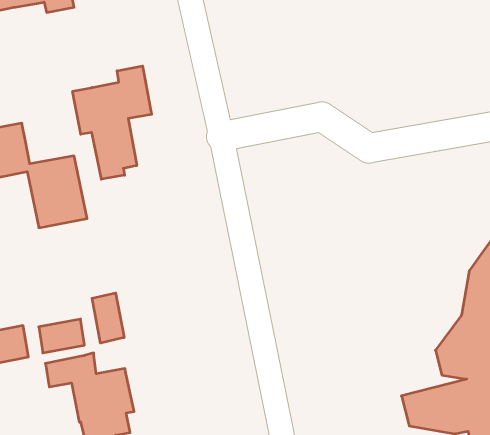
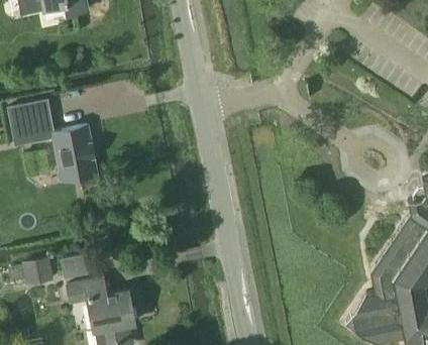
building: [73,66,152,179] -> none
building: [92,293,124,343] -> none

